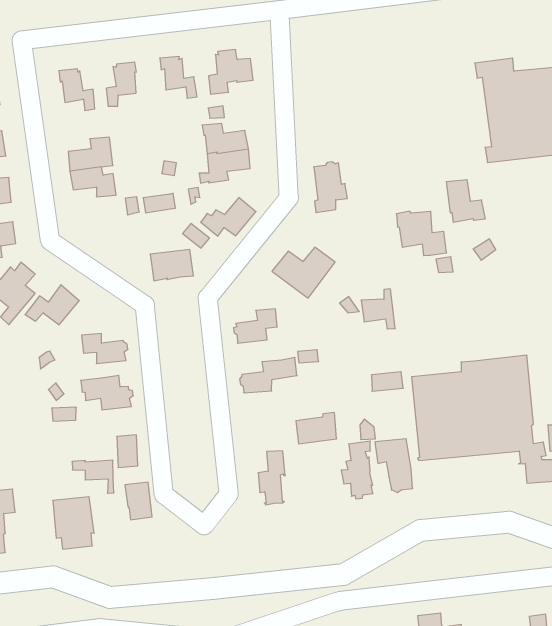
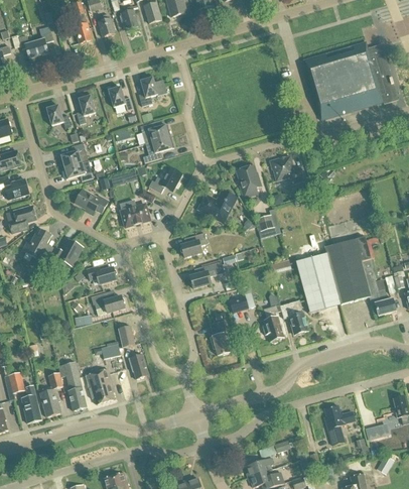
building: [314,162,347,213] -> [237,164,261,198]
building: [446,180,485,222] -> none
building: none -> [74,188,108,214]
building: none -> [58,361,87,409]

